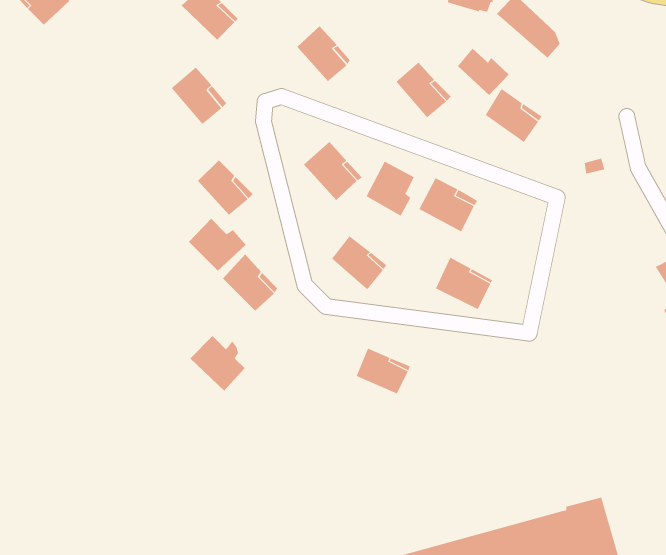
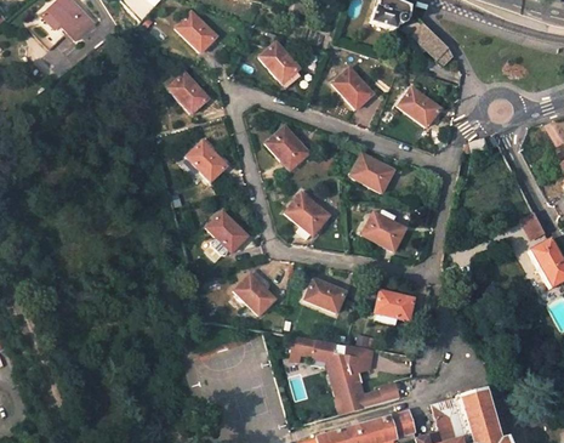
building: [457,48,509,96] -> none
building: [366,161,414,216] -> none
building: [188,218,246,272] -> none
building: [189,335,245,391] -> [233,274,274,316]
building: none -> [375,290,412,320]
building: none -> [290,339,401,416]

